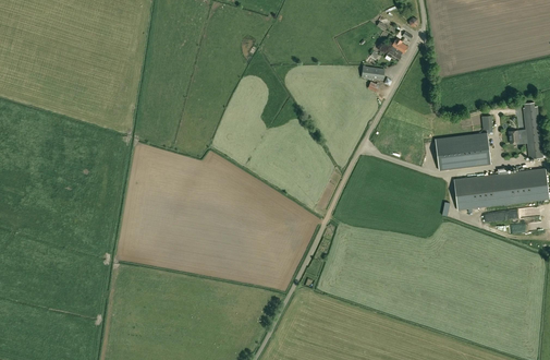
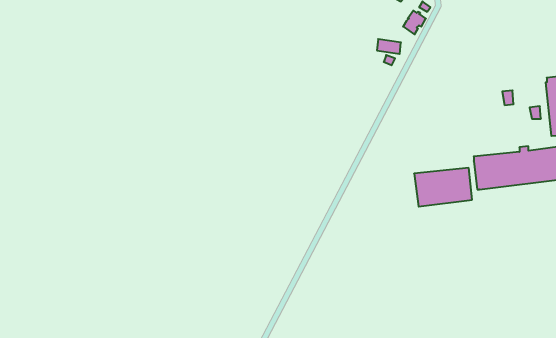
building: [433,133,489,170] -> [414,168,472,207]

